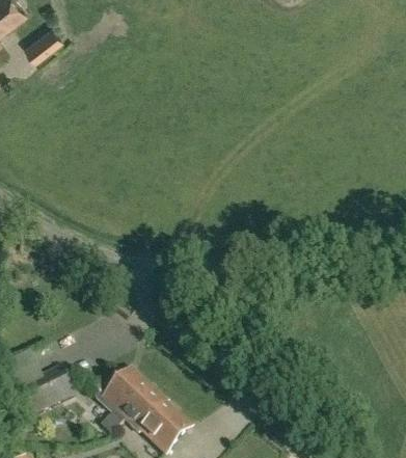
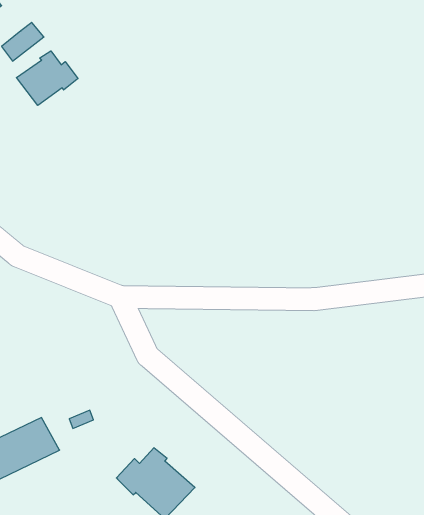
building: none -> [16,51,78,105]
building: [94,367,158,433] -> none

